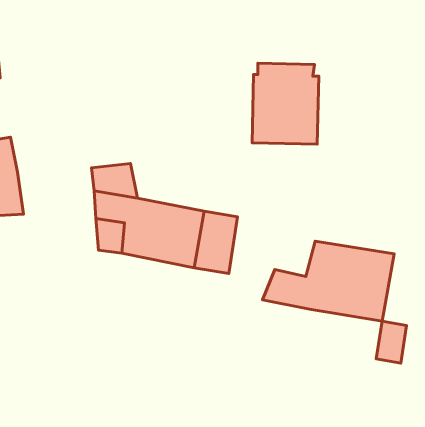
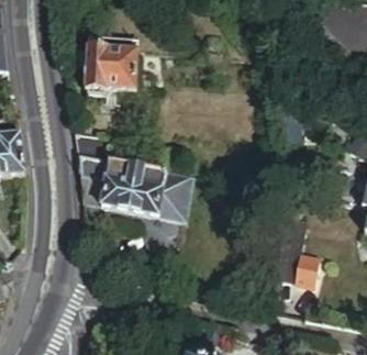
building: [252,63,319,144] -> [87,30,137,91]
building: [263,241,394,321] -> none

